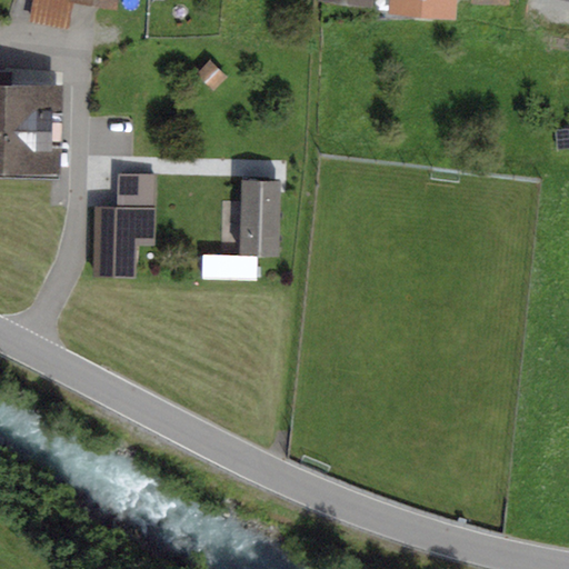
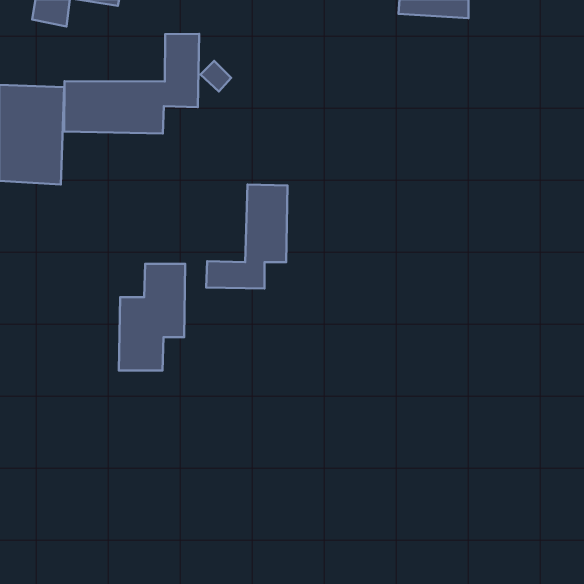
building: none -> [64,34,199,133]
building: [91,173,156,277] -> [119,264,185,370]

